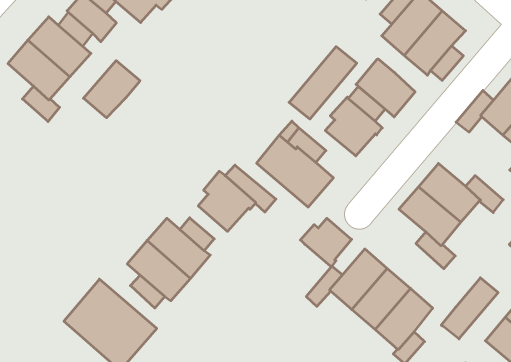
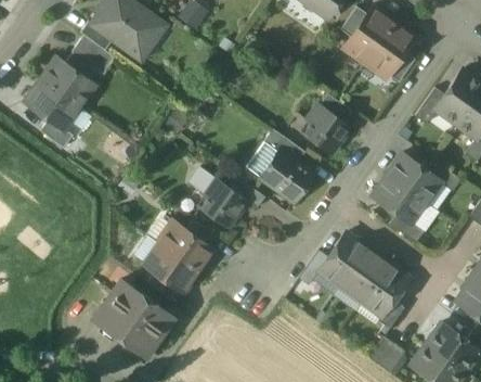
building: [289,47,357,119] -> none
building: [356,59,415,117] -> none
building: [83,61,140,118] -> none
building: [300,218,352,266] -> none
building: [441,278,498,339] -> none

